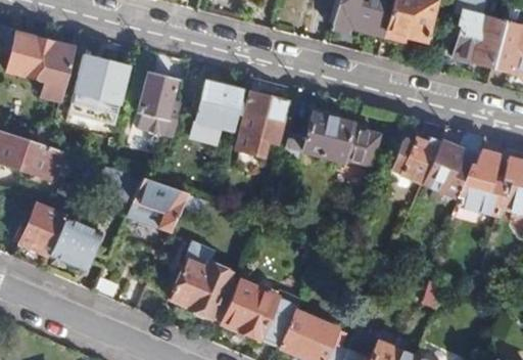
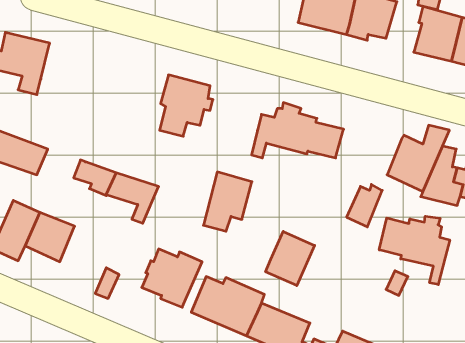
building: [69,55,129,123] -> none
building: [134,71,182,135] -> none
building: [239,92,289,153] -> [203,172,252,231]
building: [403,137,440,181] -> [347,184,382,227]
building: none -> [379,216,450,285]
building: none -> [266,231,315,286]

